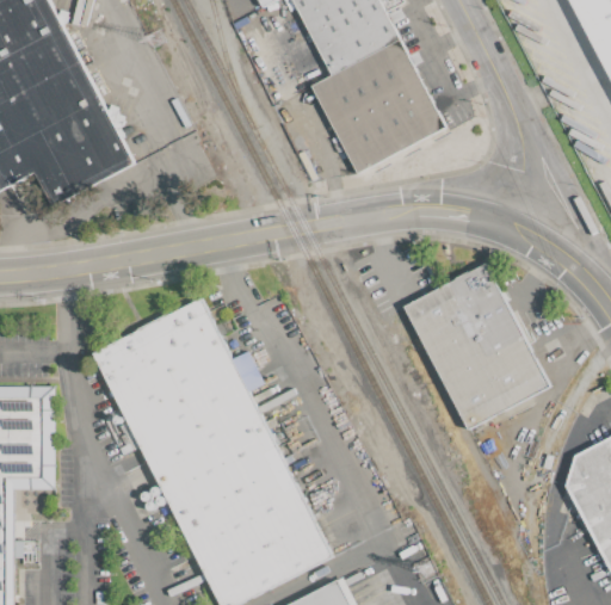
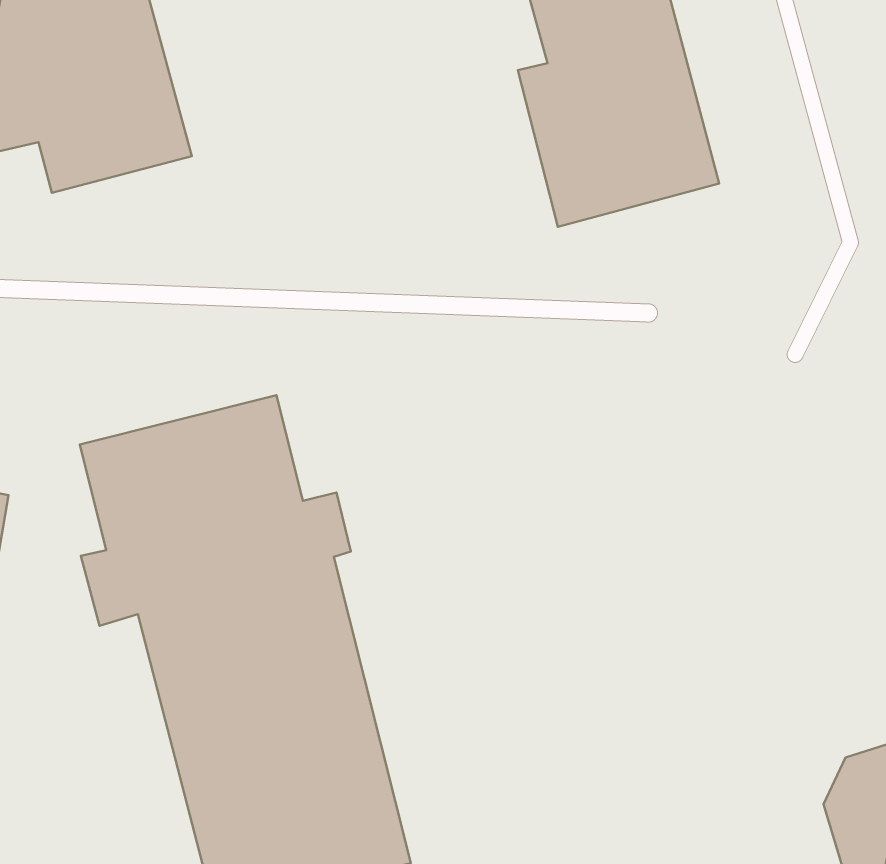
building: [406,263,554,430] -> none

